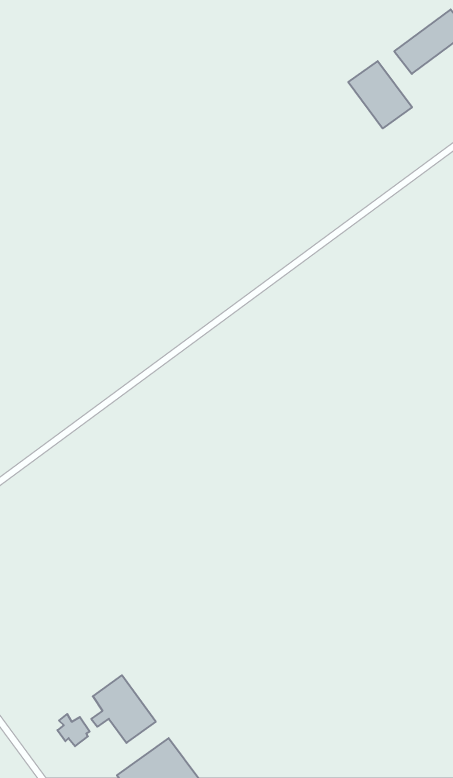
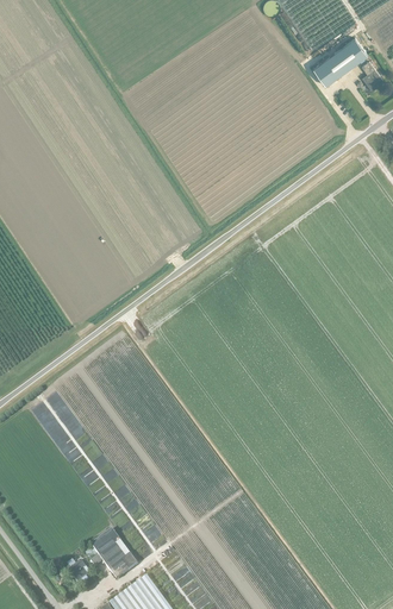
building: [348,61,412,128] -> none

